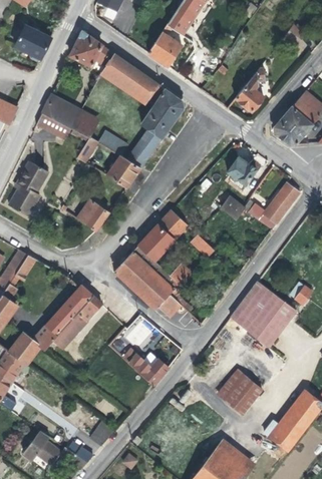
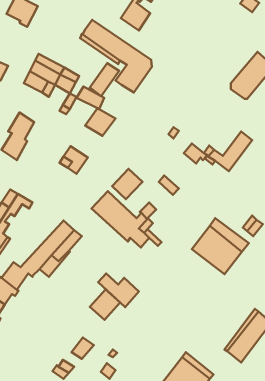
building: [69,34,113,65] -> none
building: [235,59,270,110] -> none
building: [127,128,162,166] -> [90,63,119,96]
building: [229,155,256,184] -> none
building: [155,209,187,241] -> none
building: [124,314,159,349] -> [90,290,120,320]
building: [218,370,262,414] -> none
building: [23,432,61,466] -> none

